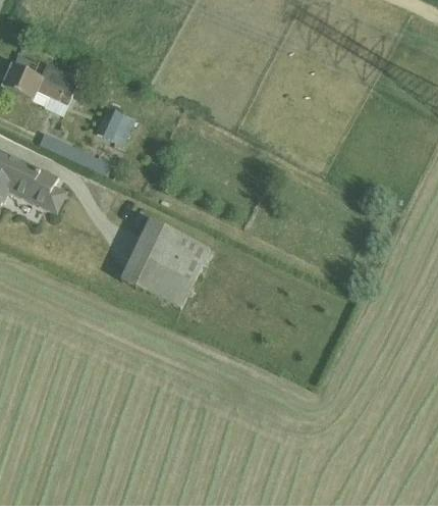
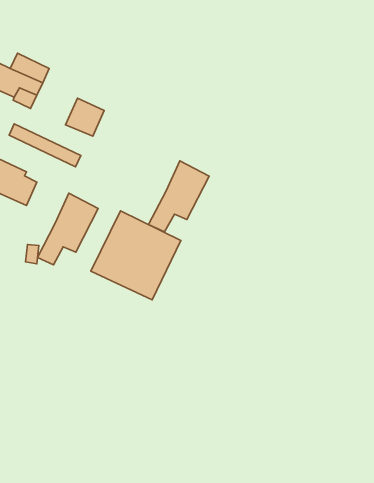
building: none -> [149,161,209,232]
building: none -> [37,193,98,265]

